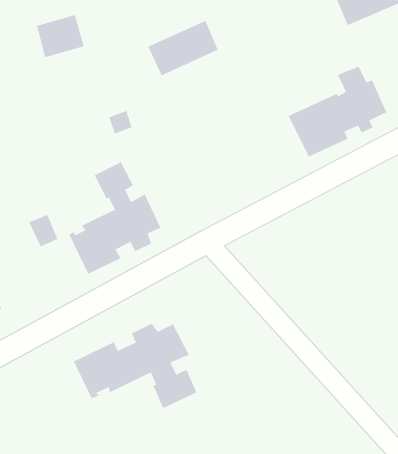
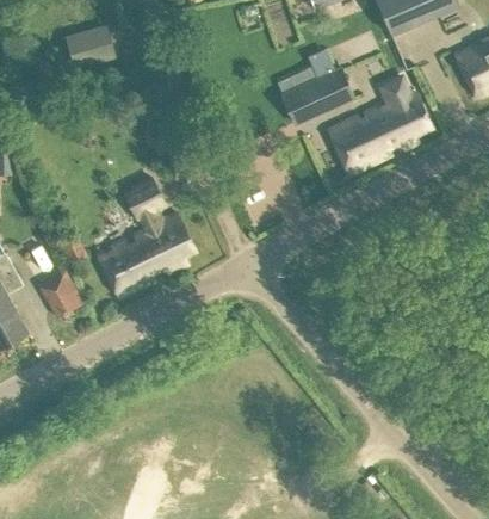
building: [148,20,218,76] -> [280,66,354,124]
building: none -> [38,268,83,317]
building: [73,323,197,409] -> none

